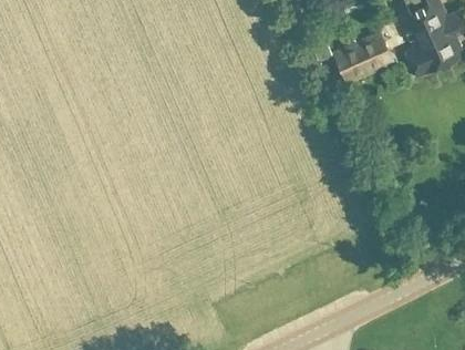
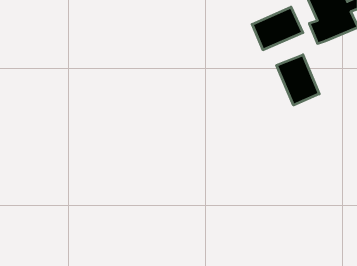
building: none -> [277,55,319,105]

